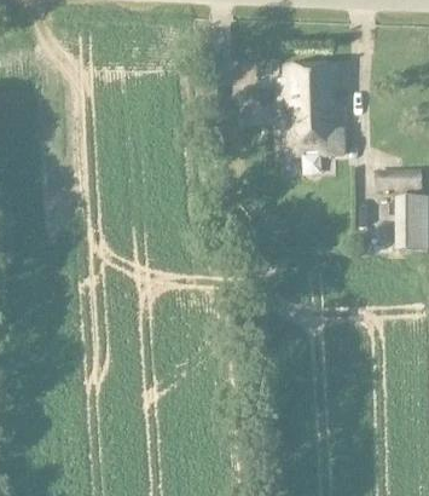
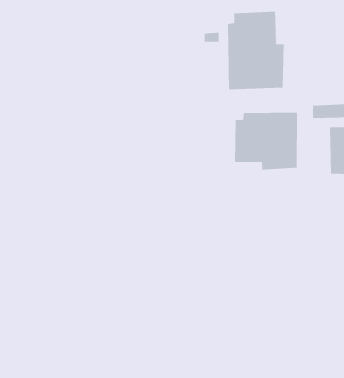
building: none -> [234,112,298,170]

